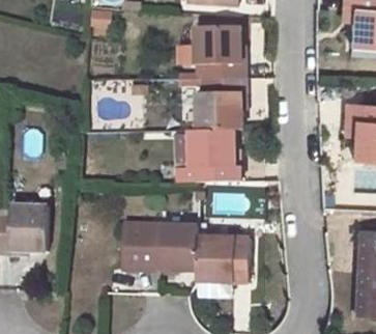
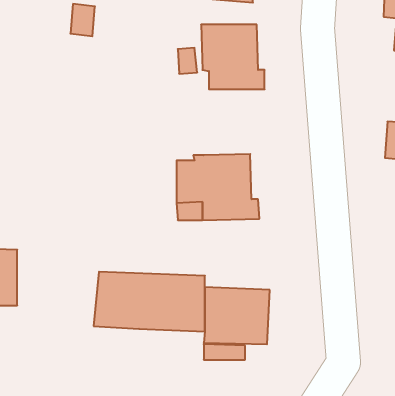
building: [197,78,248,131] -> none

